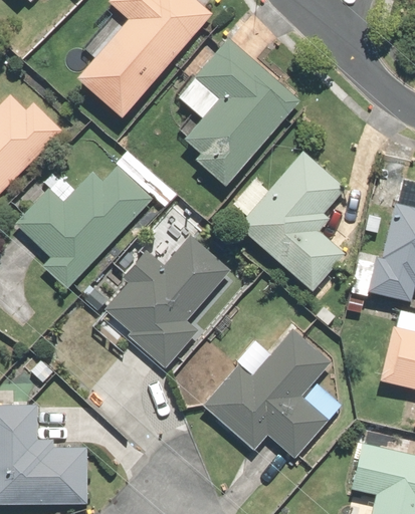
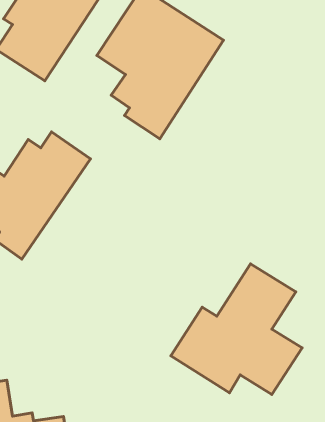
building: [231,152,346,290] -> none
building: [106,235,231,368] -> none

